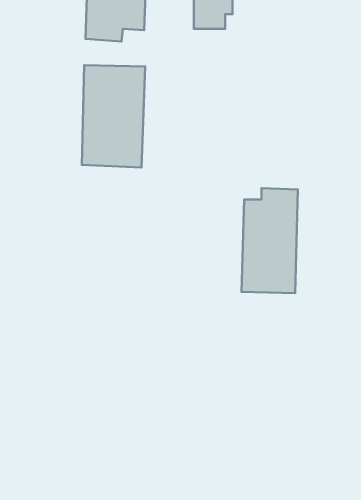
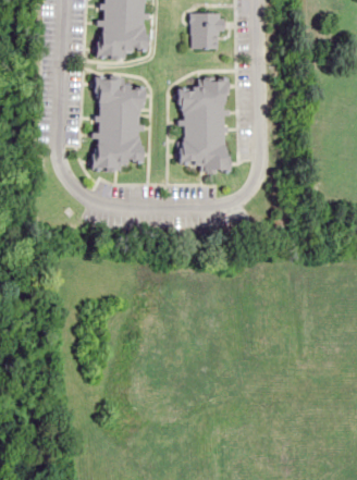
building: [242,188,298,293] -> [180,77,229,169]

